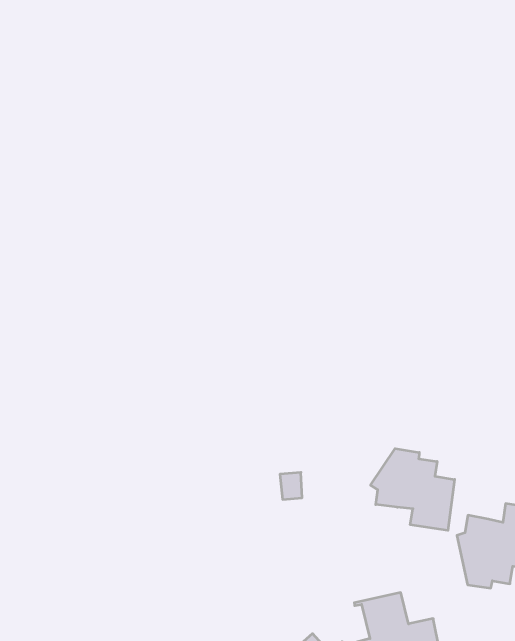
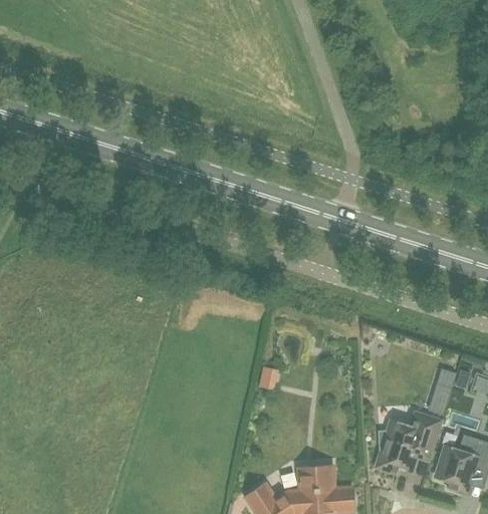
building: [371,449,455,530] -> none

